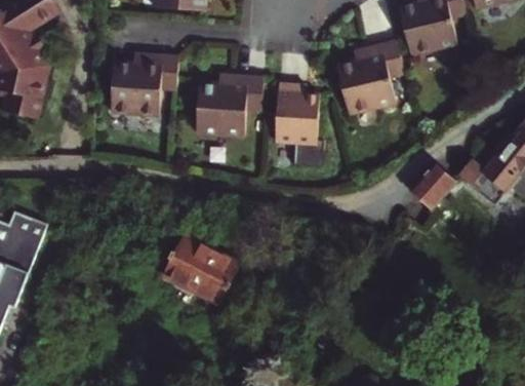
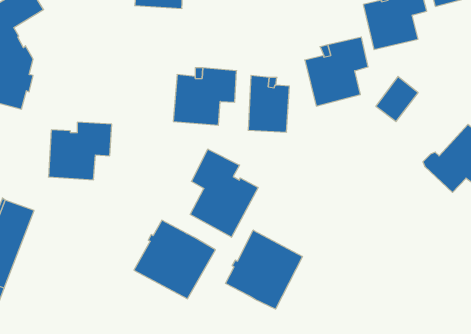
building: [110,53,177,115] -> [48,122,112,180]
building: [416,160,461,208] -> [376,76,418,122]
building: none -> [190,149,258,237]
building: none -> [226,230,302,309]

